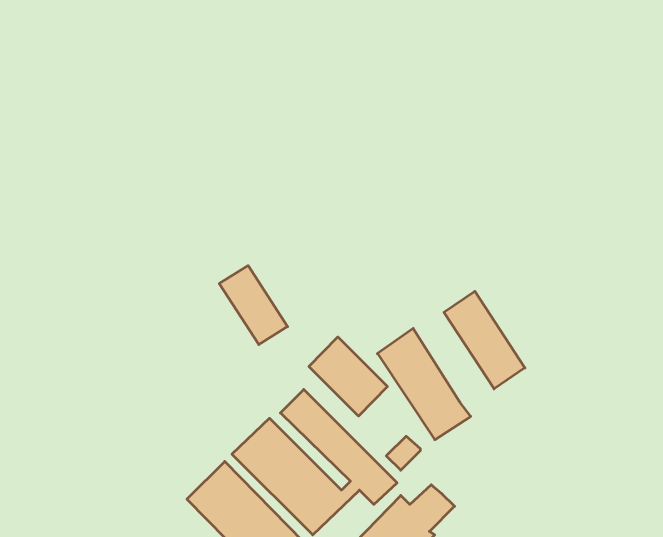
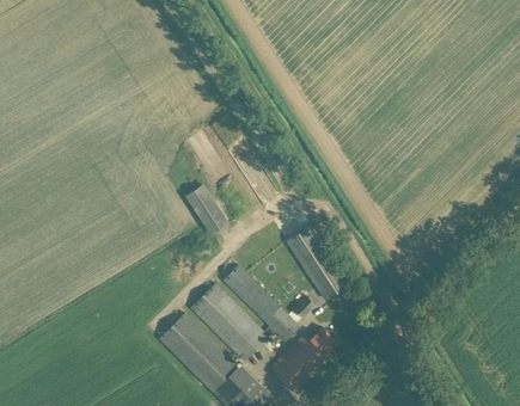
building: [444,291,525,389] -> none
building: [309,337,387,416] -> none

